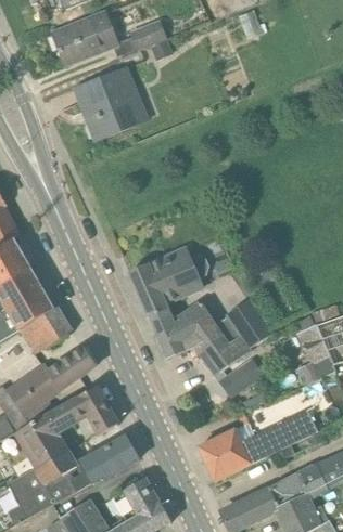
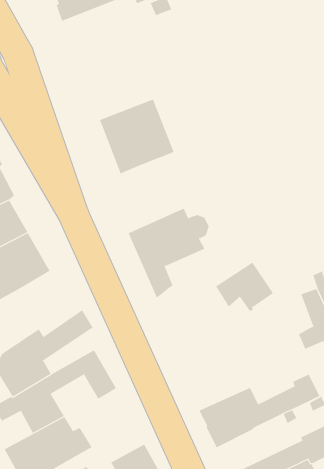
building: [73,66,147,140] -> [99,99,174,174]
building: [156,304,253,371] -> none
building: [21,308,68,352] -> none
building: [217,356,263,398] -> none
building: [80,434,138,483] -> none

